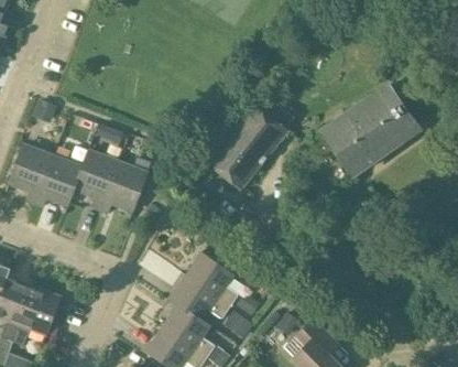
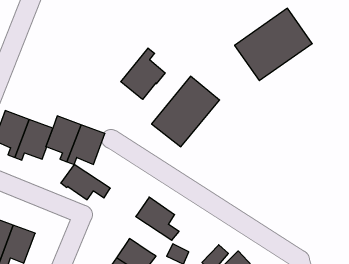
building: none -> [121,48,165,99]
building: [319,85,416,175] -> [235,8,312,81]
building: [168,277,230,321] -> [61,164,110,200]

